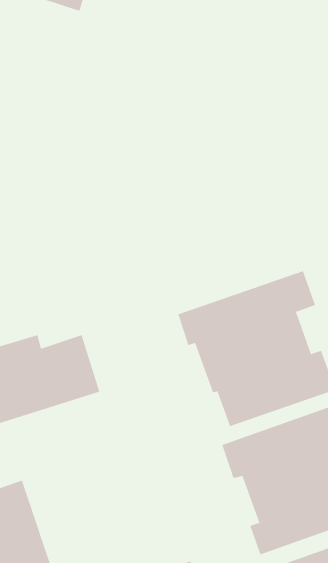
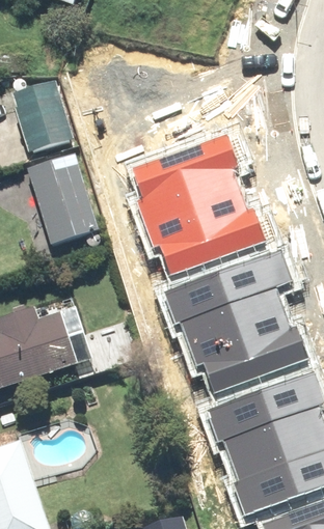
building: none -> [14,84,75,158]
building: none -> [131,134,263,272]
building: none -> [29,159,101,248]

